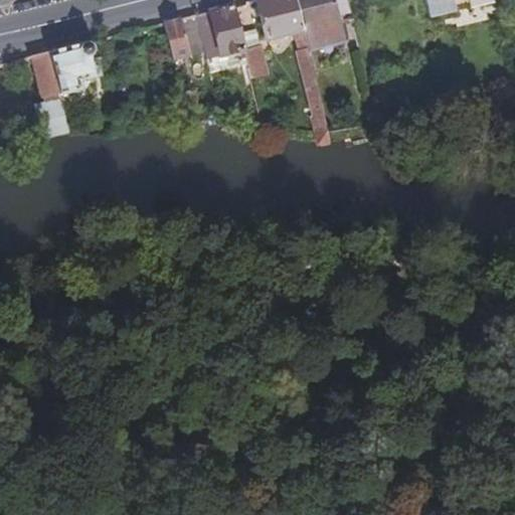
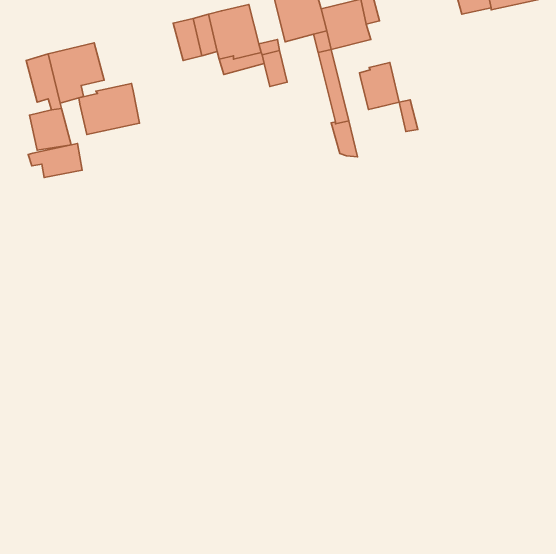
building: none -> [360,62,399,109]
building: none -> [79,84,140,135]
building: none -> [28,143,82,178]

